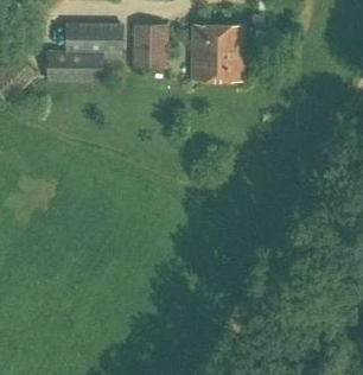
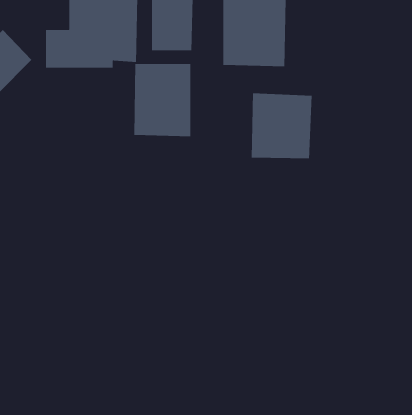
building: none -> [133,63,191,137]
building: none -> [251,93,312,159]

